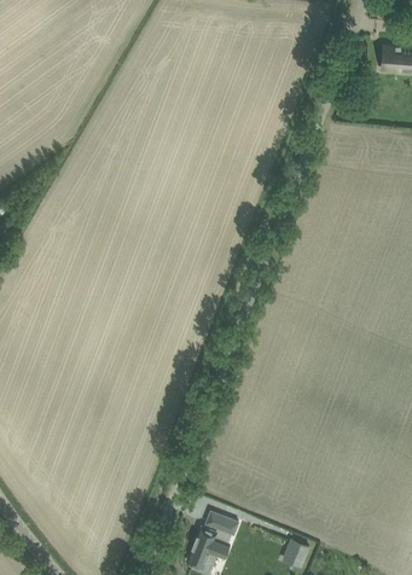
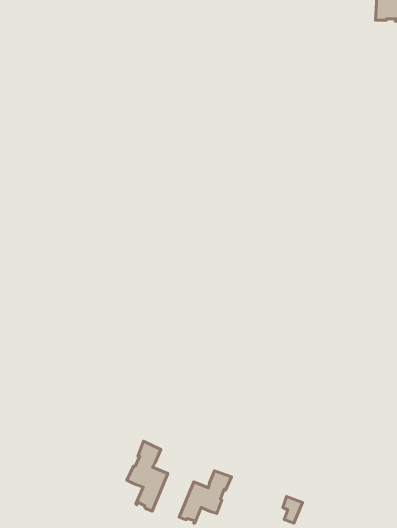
building: none -> [127,441,168,511]

